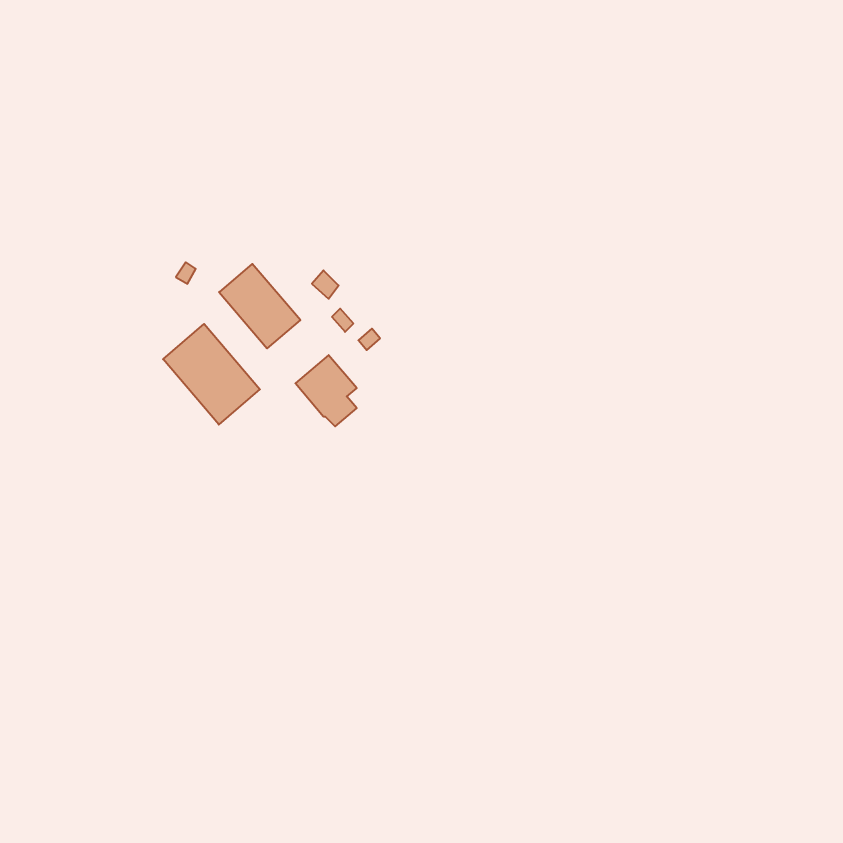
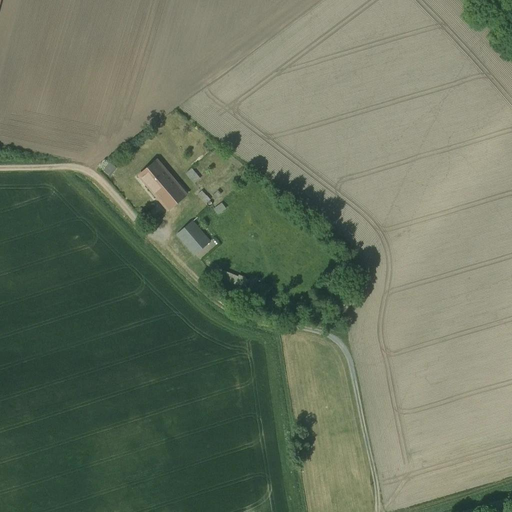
building: [163,324,260,425] -> none

